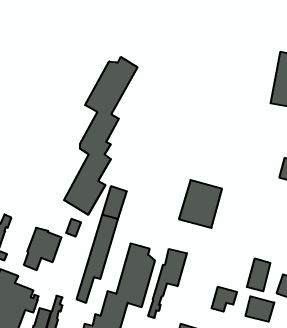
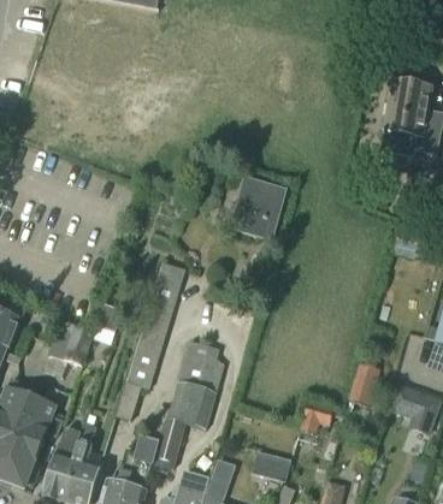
building: [64,57,137,215] -> none
building: [179,180,222,228] -> [229,174,288,239]
building: [148,249,187,318] -> none
building: [245,296,274,322] -> none

